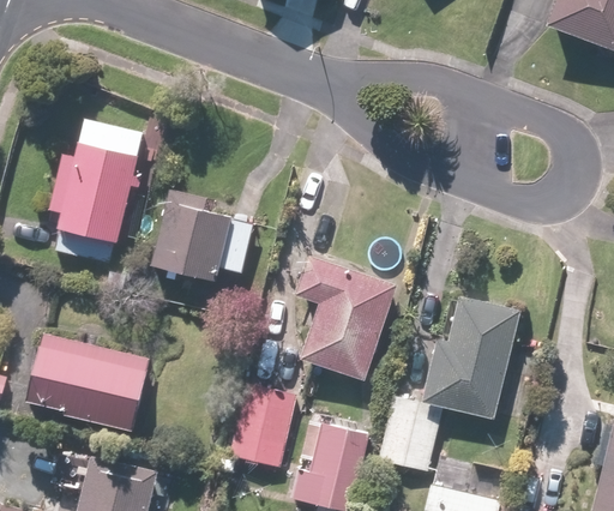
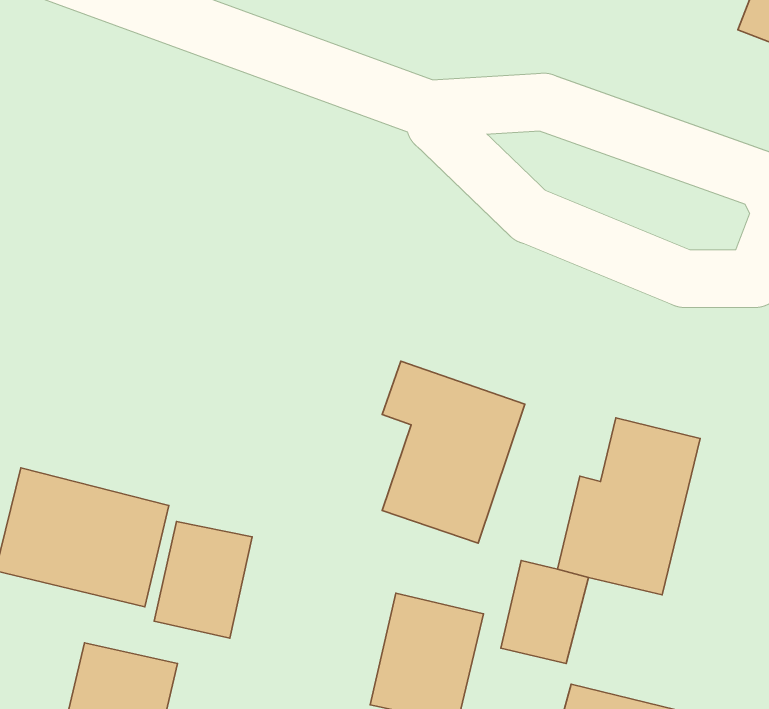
building: [48,119,143,264] -> none
building: [154,191,255,283] -> none
building: [229,385,297,467] -> [154,521,252,638]

